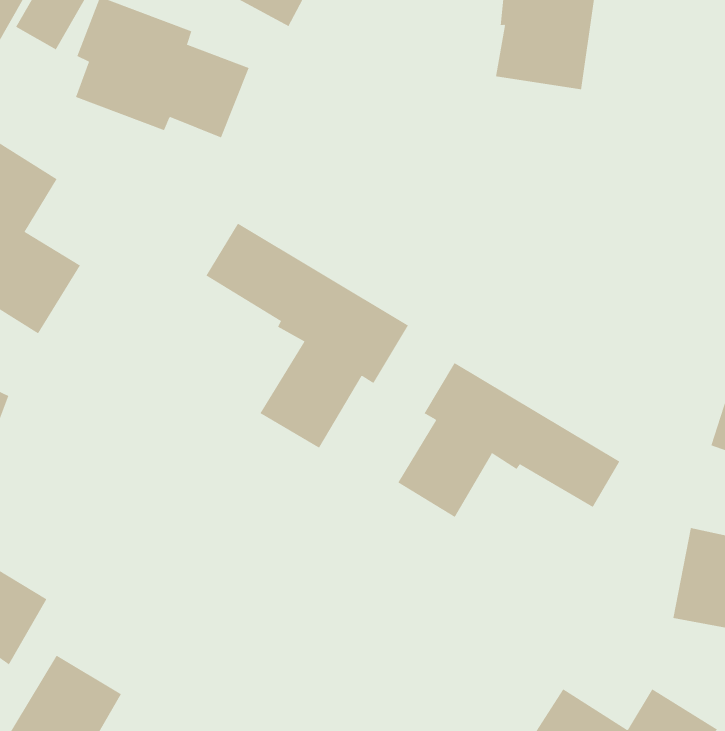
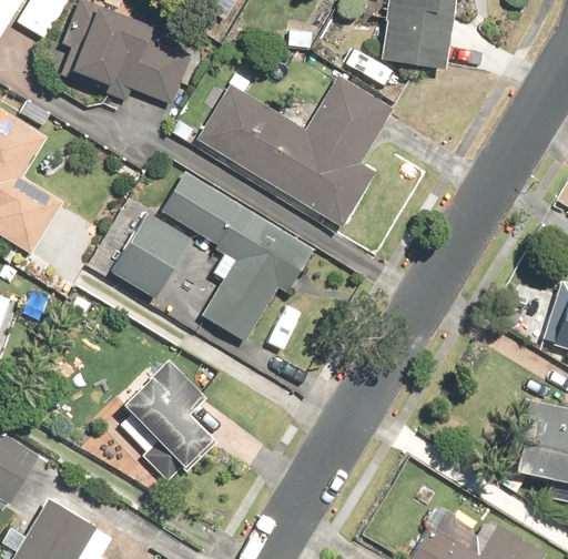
building: none -> [194,72,394,226]
building: none -> [110,212,194,299]
building: [398,362,620,518] -> none
building: none -> [120,358,216,481]

